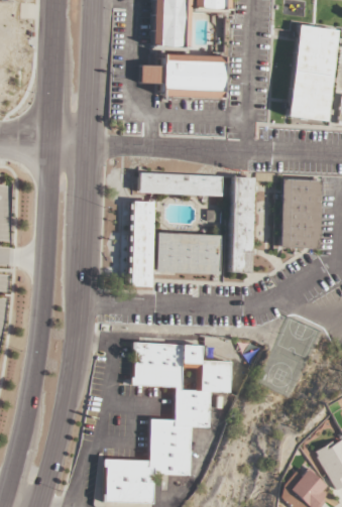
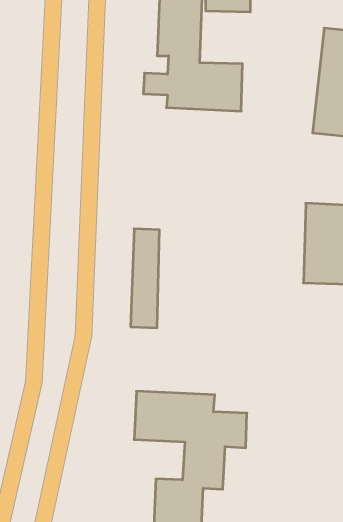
building: [139,173,225,196] -> none
building: [230,176,254,273] -> none
building: [155,233,222,274] -> none

